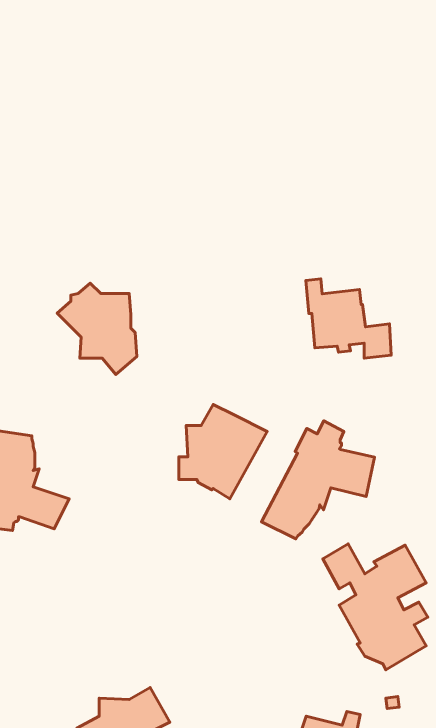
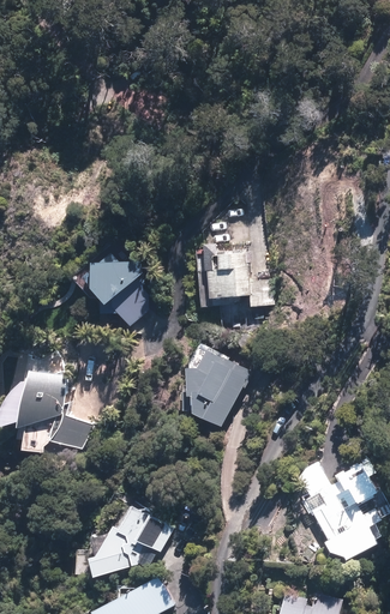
building: [306,279,391,358] -> [202,242,270,306]
building: [261,421,375,539] -> none
building: none -> [92,502,173,574]

